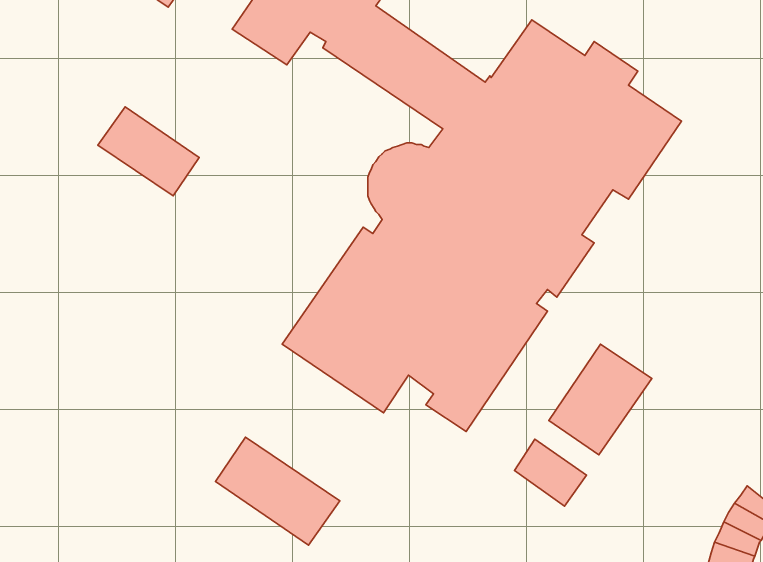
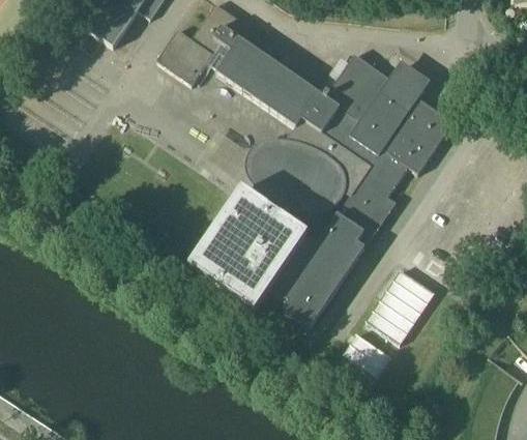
building: [98,107,199,196] -> none
building: [216,437,340,545] -> none

